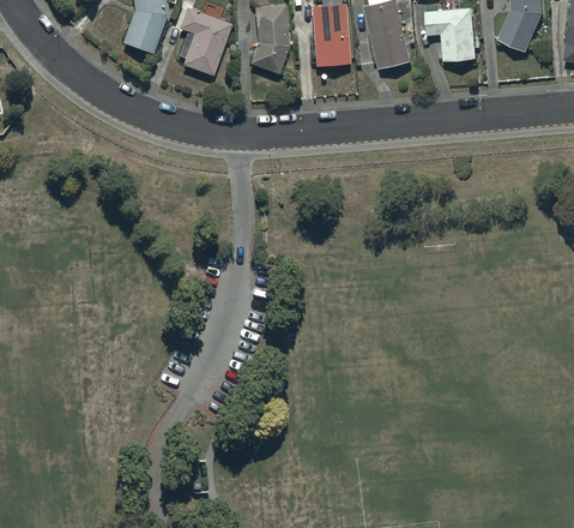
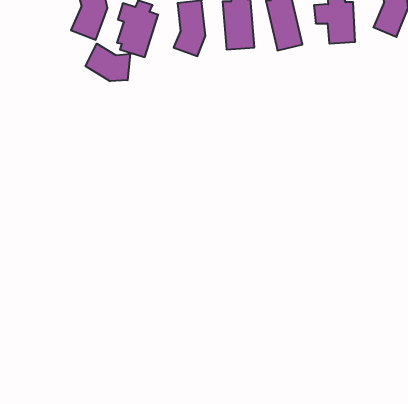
building: none -> [86,44,130,81]

